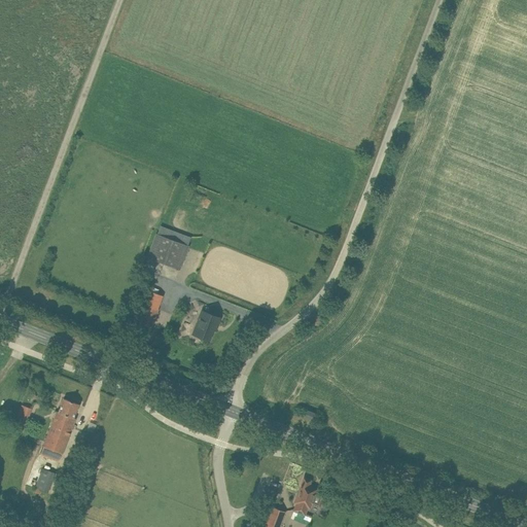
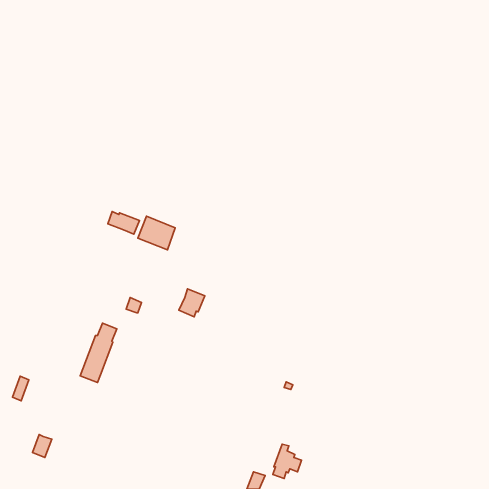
building: none -> [108,211,140,234]
building: [40,397,79,461] -> [80,323,117,382]

